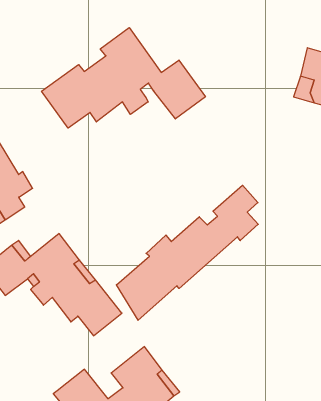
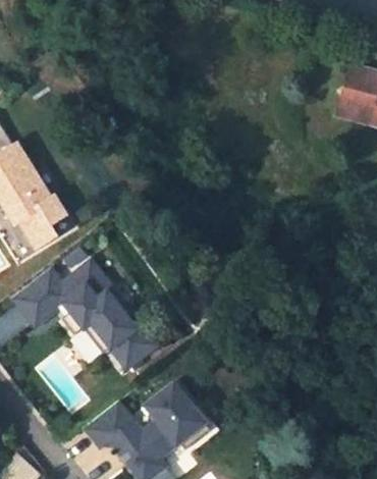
building: [42,28,205,128] -> none
building: [116,185,258,320] -> none

